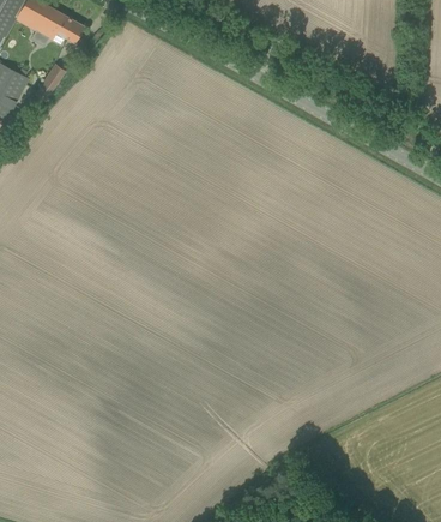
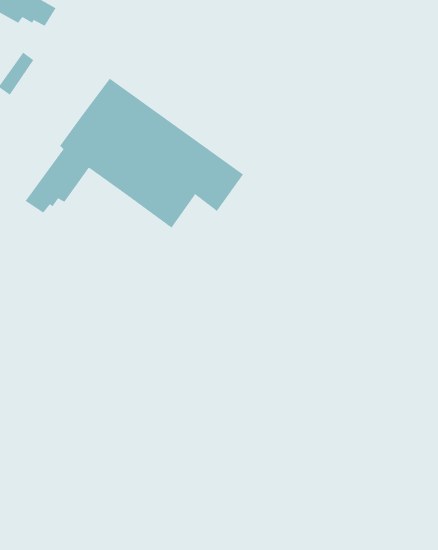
building: none -> [25,78,244,229]

